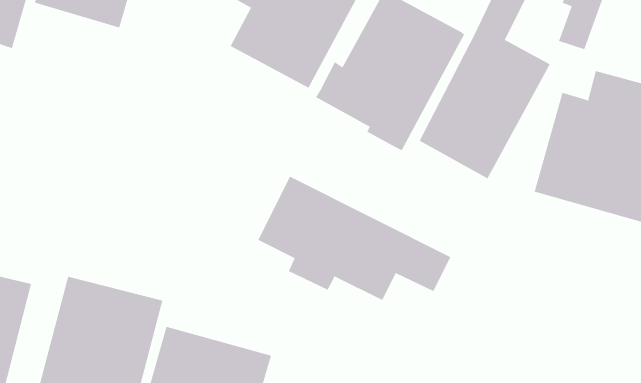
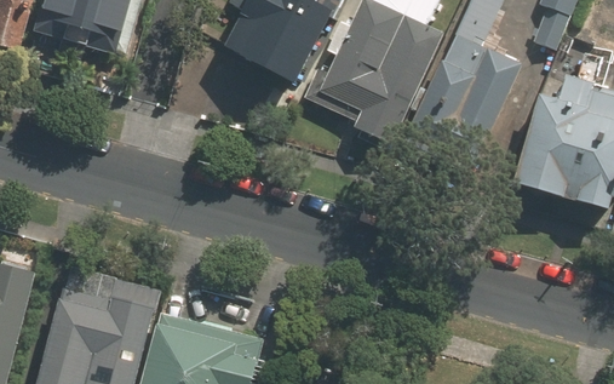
building: [257,176,451,301] -> none

